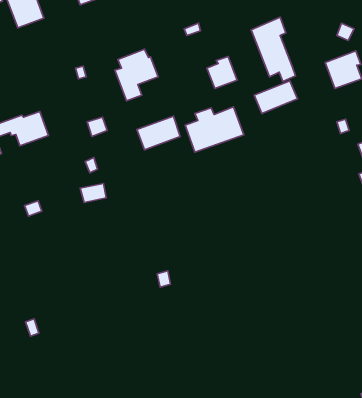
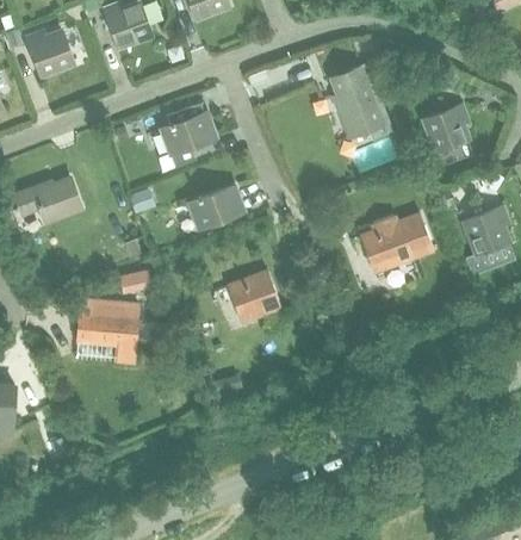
building: [207,56,237,89] -> none
building: [185,107,244,152] -> [361,213,434,269]
building: none -> [227,273,280,322]
building: none -> [77,298,138,362]

